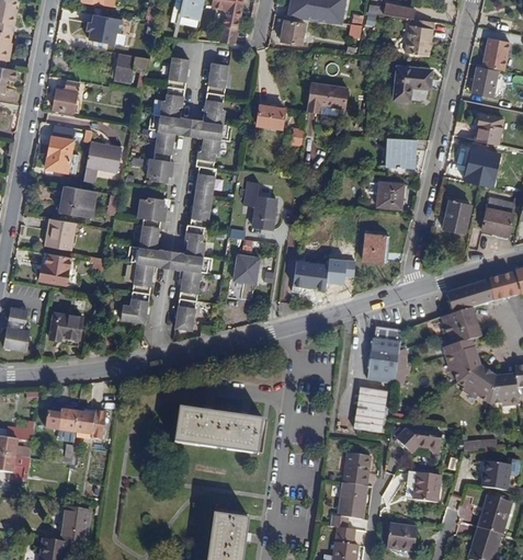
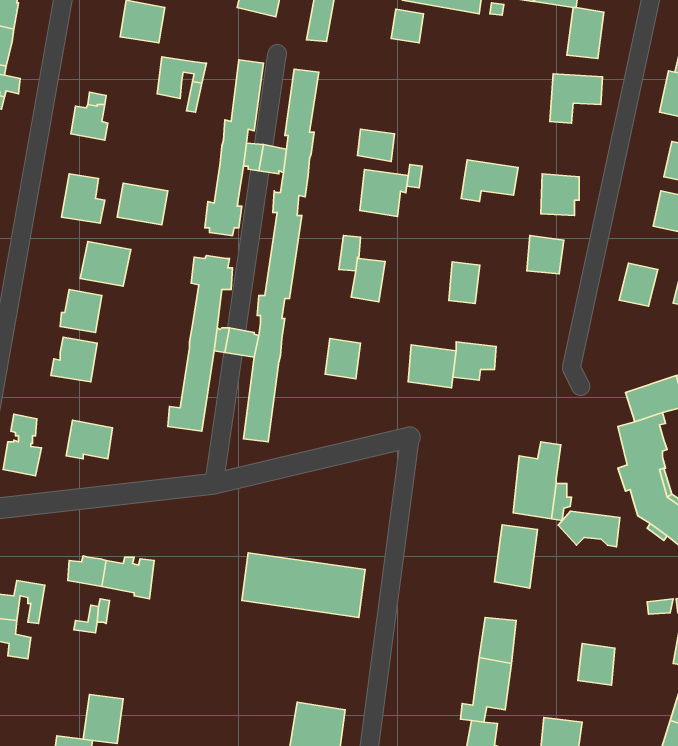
building: [306,82,346,112] -> [461,160,518,201]
building: none -> [360,170,408,216]
building: [363,233,385,263] -> [449,262,480,304]
building: [398,428,442,454] -> [558,511,620,547]

